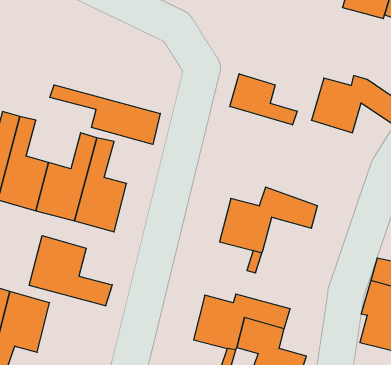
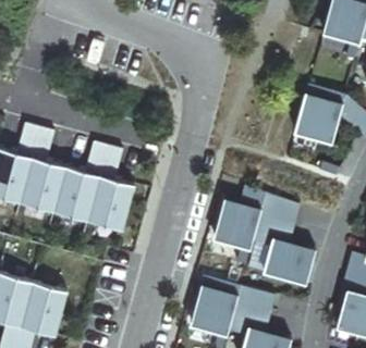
building: [230,74,297,125] -> none
building: [50,85,160,144] -> none
building: none -> [252,216,315,284]
building: [29,236,112,306] -> none

